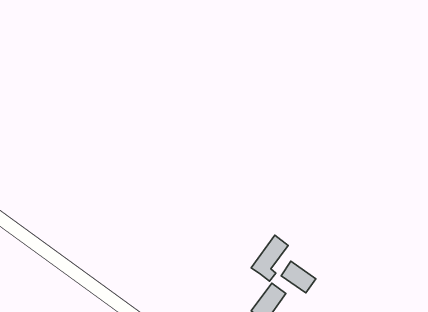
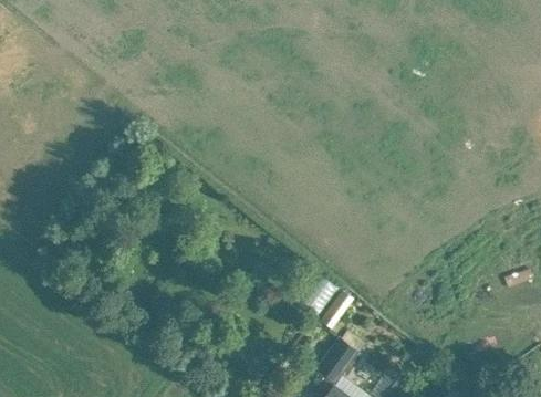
building: [281,261,316,293] -> none

